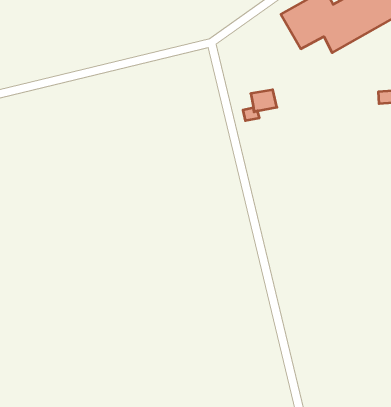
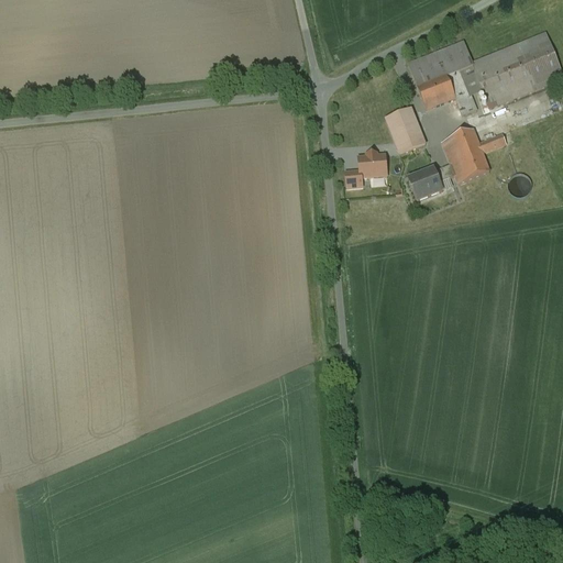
building: none -> [386,107,424,153]
building: none -> [408,129,506,199]

